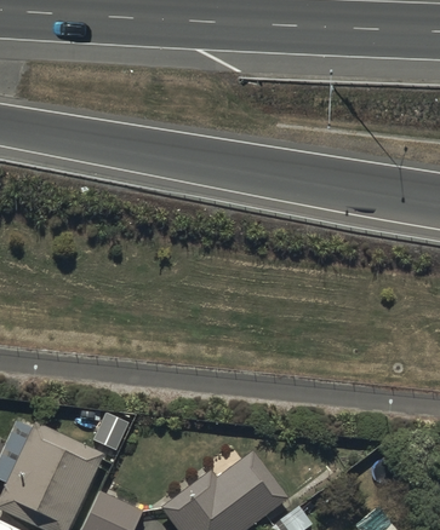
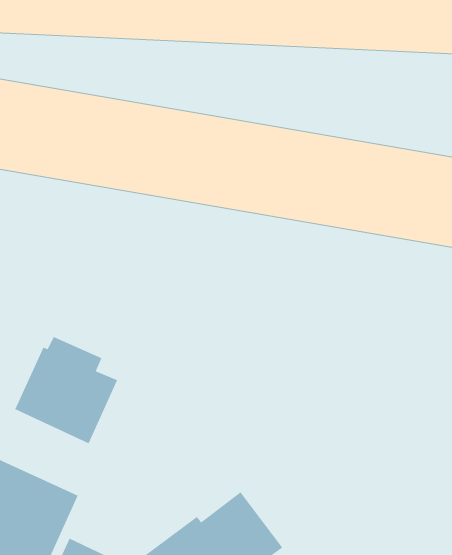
building: none -> [14,336,118,444]

